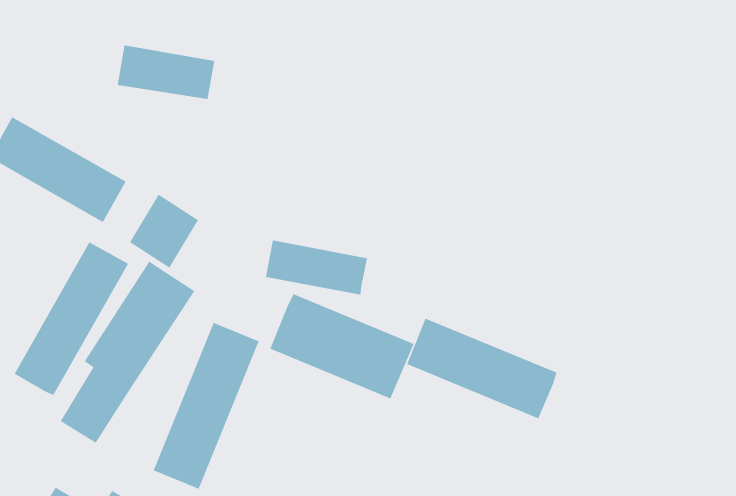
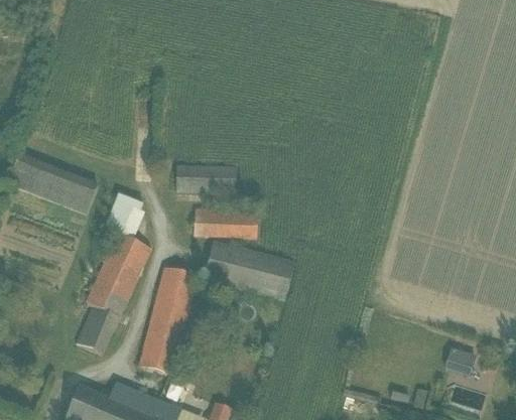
building: [117,45,215,100] -> [176,165,237,192]
building: [14,242,129,396] -> none
building: [407,318,557,419] -> none

